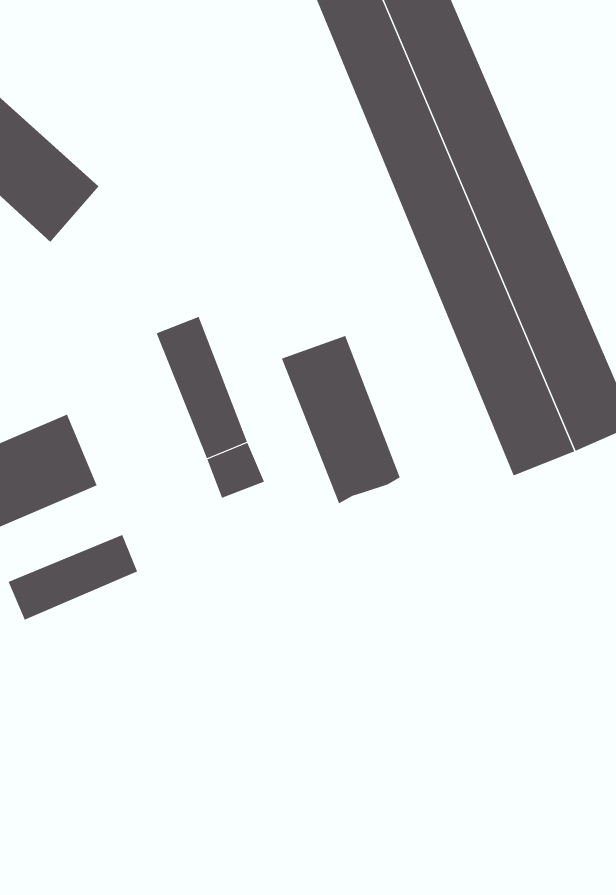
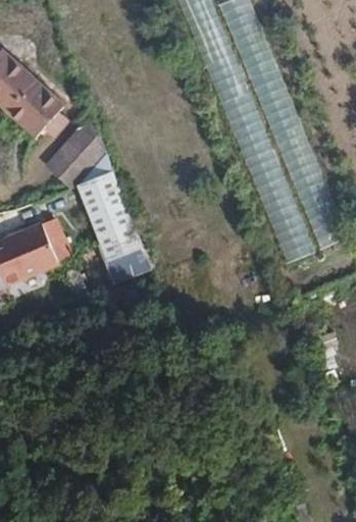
building: none -> [45,114,102,182]
building: [281,335,400,504] -> none
building: [8,534,138,621] -> none

